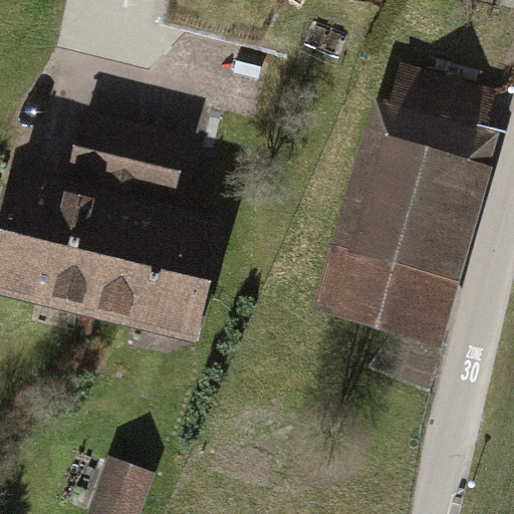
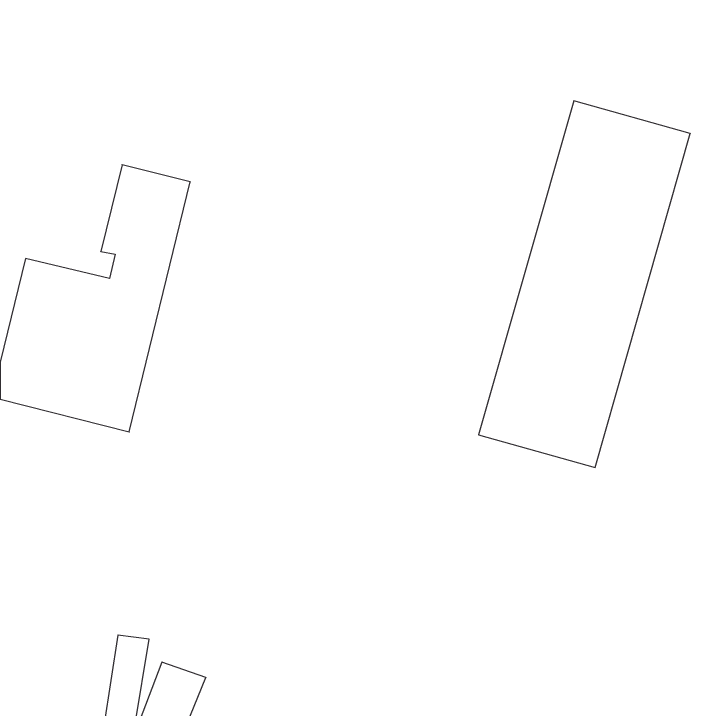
building: [95,136,218,335] -> none

